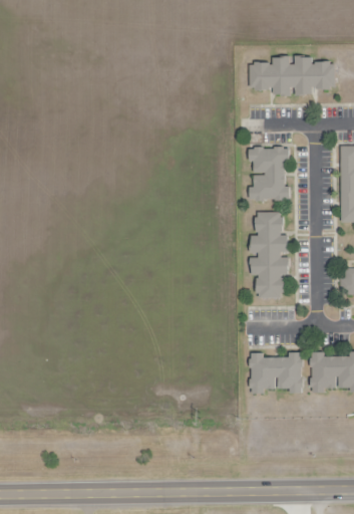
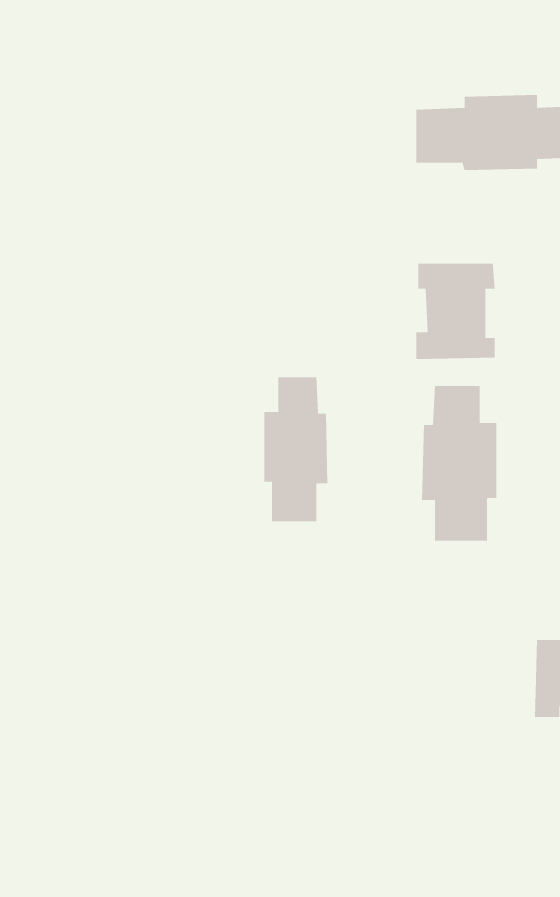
building: none -> [264,377,328,522]
building: [249,351,302,396] -> none

